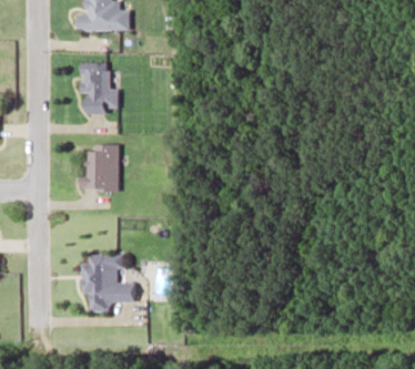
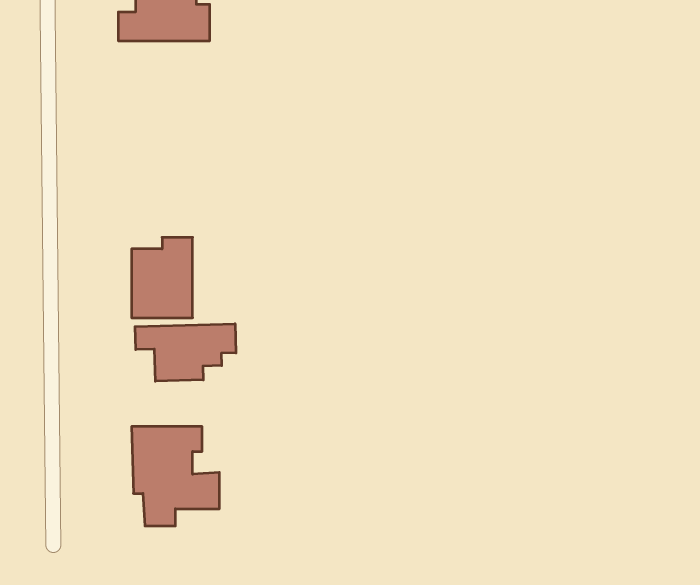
building: [81,63,118,113] -> none
building: none -> [135,324,236,381]

